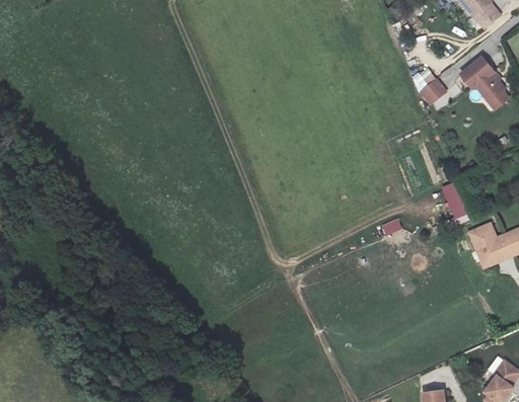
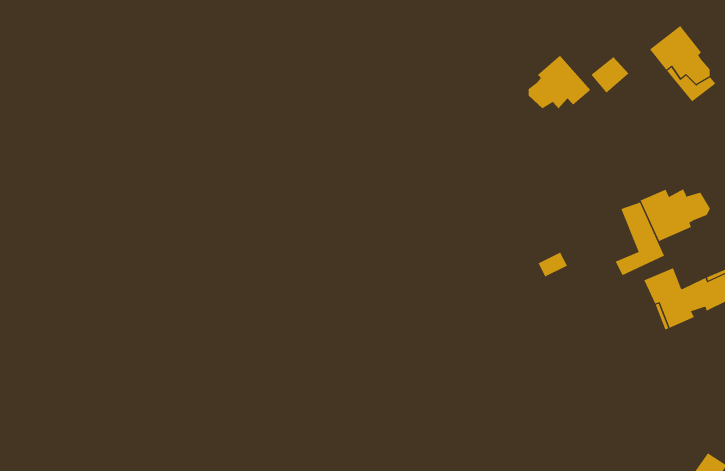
building: none -> [528,55,591,109]
building: none -> [640,189,710,242]

